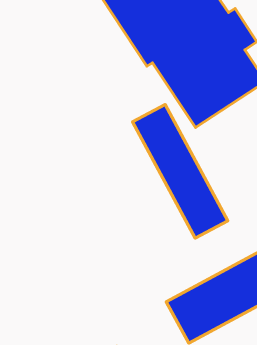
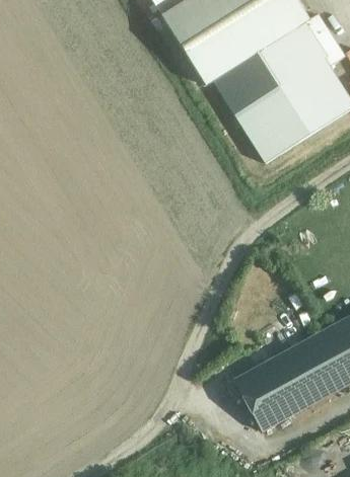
building: [133,104,228,238] -> none

